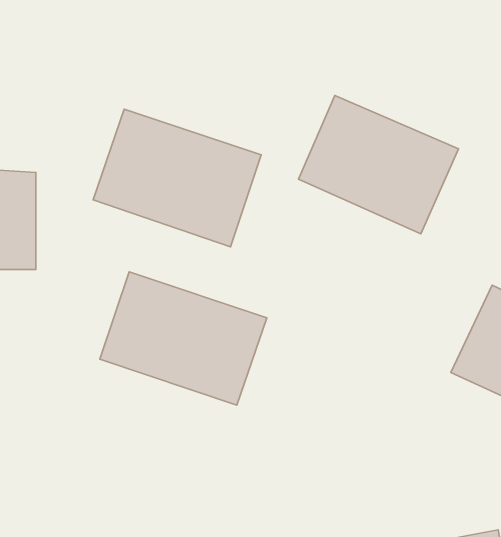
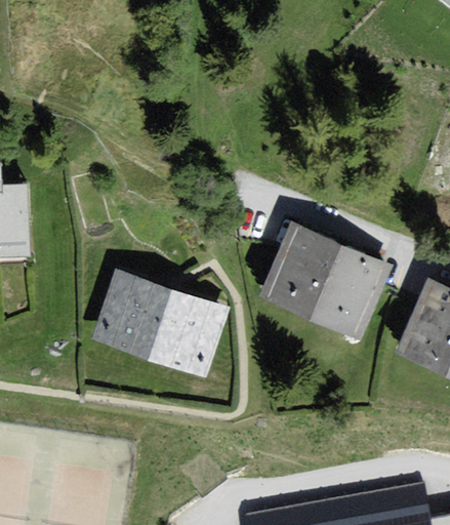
building: [299,96,458,234] -> [254,225,390,341]
building: [93,109,261,247] -> none

